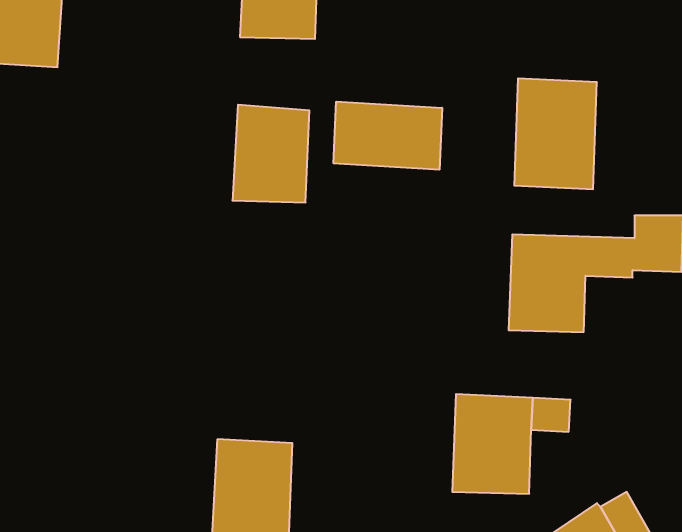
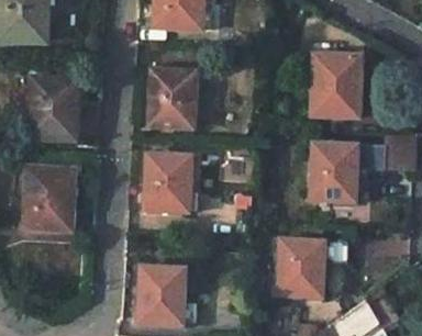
building: [334,102,442,170] -> none
building: none -> [30,75,81,141]
building: none -> [145,153,191,212]
building: none -> [24,166,76,231]

